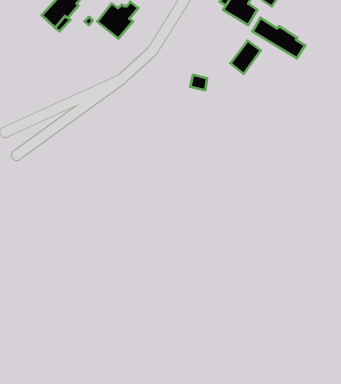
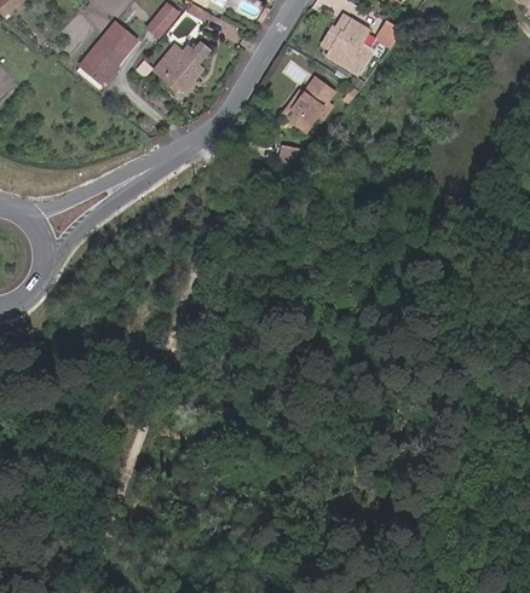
building: [252,18,305,58] -> none
building: [230,41,261,74] -> [294,79,335,123]

